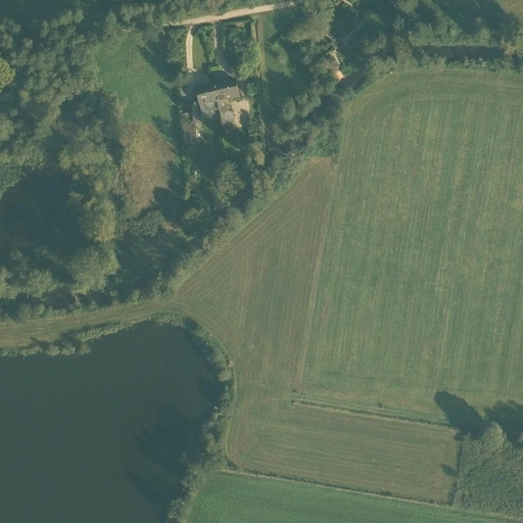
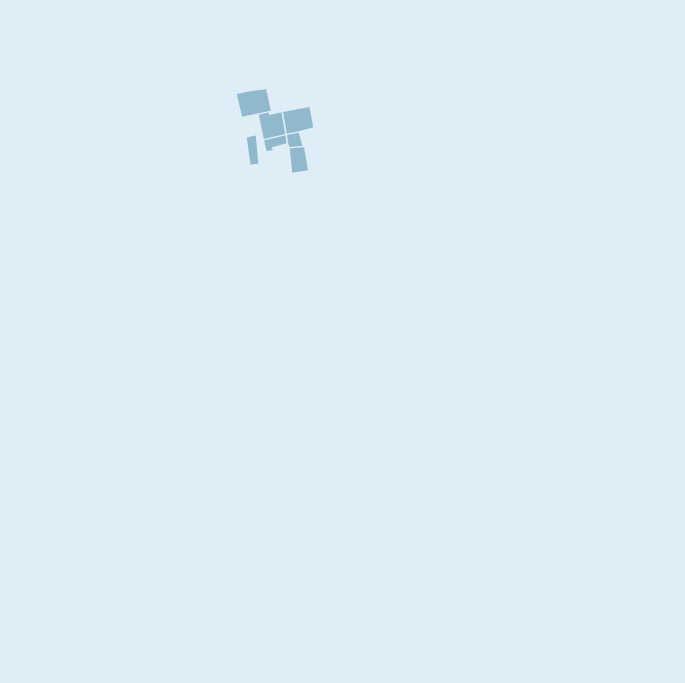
building: none -> [236,88,272,118]

